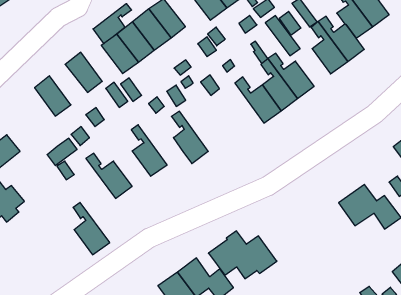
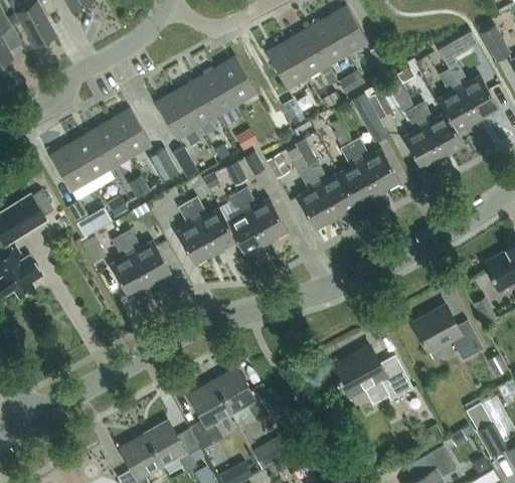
building: [93,4,132,44] -> none
building: none -> [90,121,132,169]
building: none -> [296,167,335,229]
building: none -> [49,144,91,192]
building: none -> [237,187,288,244]
building: none -> [187,196,236,254]
building: [73,202,110,255] -> [110,234,150,298]
building: [208,231,277,279] -> [333,346,412,404]

